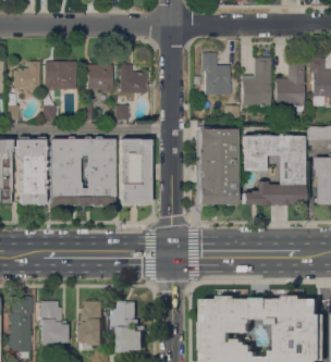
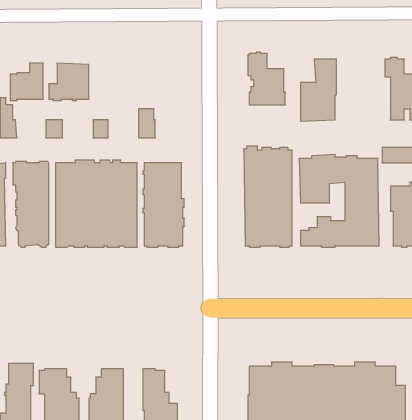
building: [274,59,304,112] -> none
building: [87,64,111,91] -> none
building: [120,65,149,93] -> none

